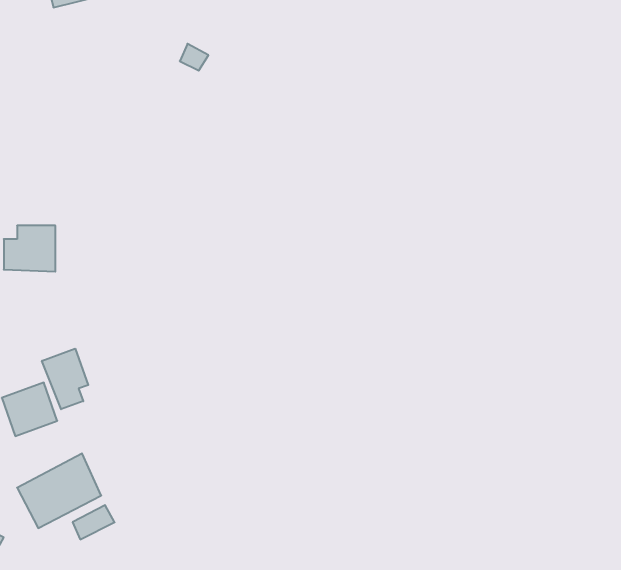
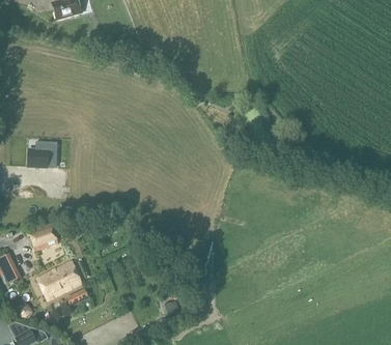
building: [42,349,88,409] -> none

